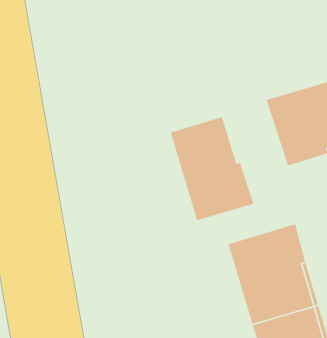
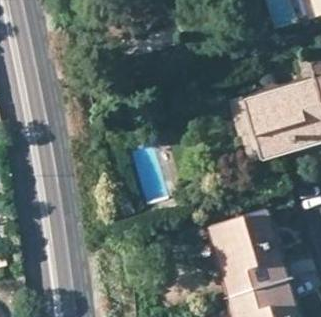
building: [170,116,254,221] -> none

